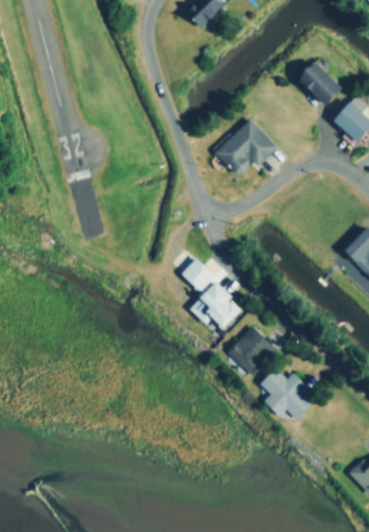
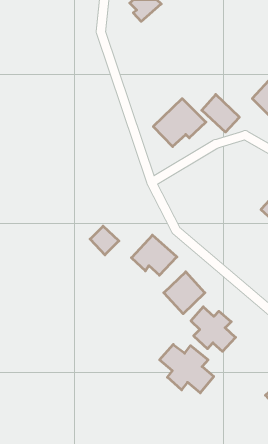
building: [296,60,341,105] -> [202,94,239,132]
building: [181,258,215,292] -> [90,226,119,255]
building: none -> [160,344,214,393]

